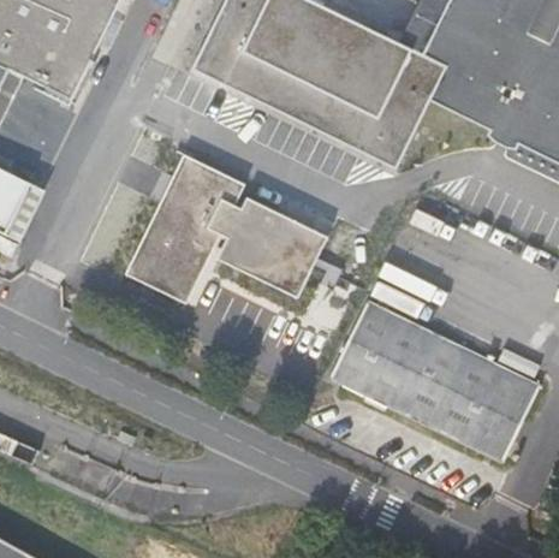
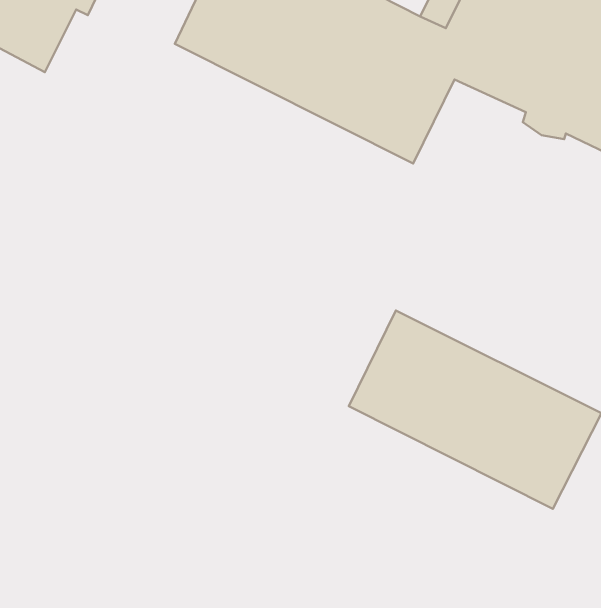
building: [125,152,326,302] -> none

